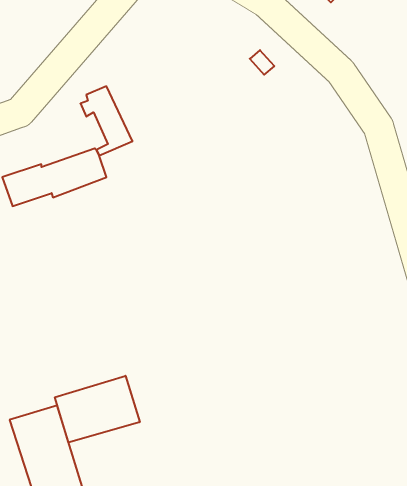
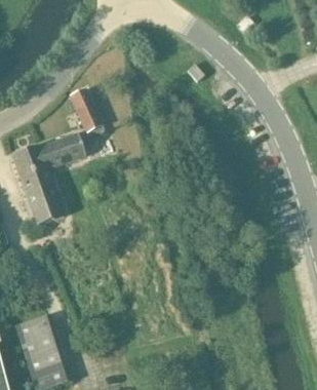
building: none -> [18,165,64,225]
building: [55,376,140,443] -> none

